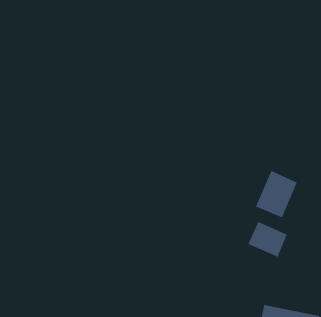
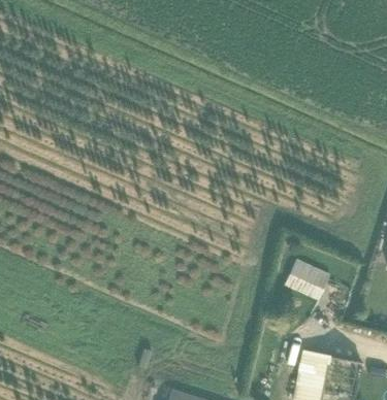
building: [255,170,298,218] -> none

